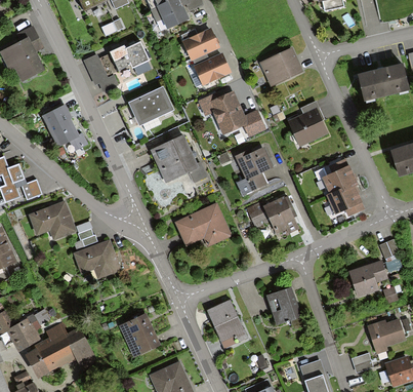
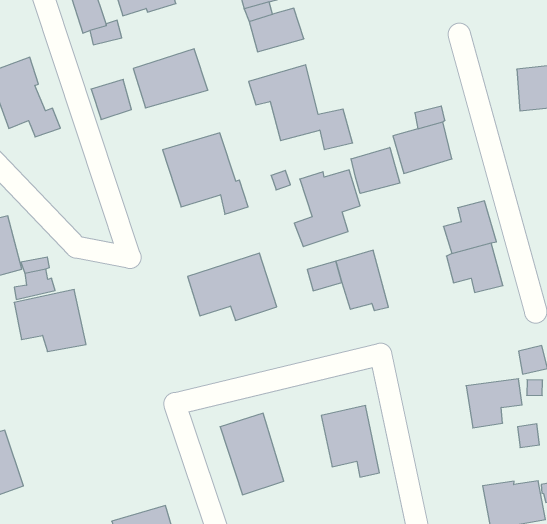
building: [259,49,299,85] -> none
building: none -> [351,147,400,193]
building: [119,309,159,352] -> none

